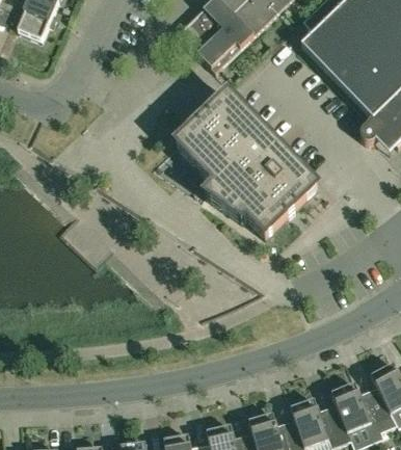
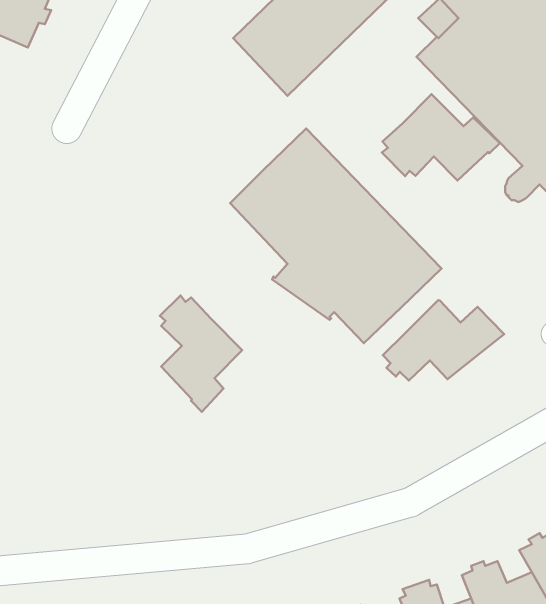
building: none -> [382,94,500,180]
building: none -> [160,295,242,412]
building: none -> [383,300,504,381]

